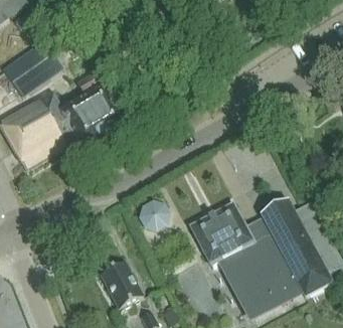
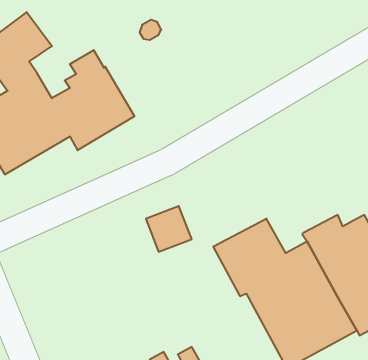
building: [100,262,143,309] -> none

